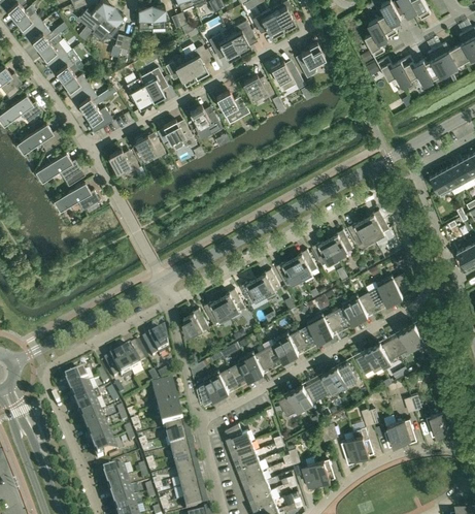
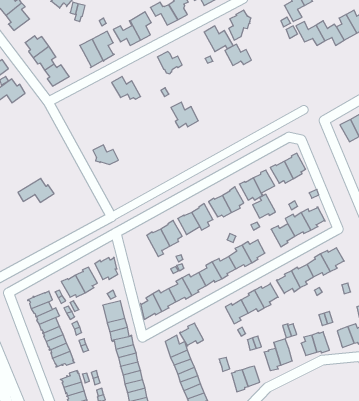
building: [48,54,75,82] -> none
building: [243,76,274,101] -> [225,44,251,65]
building: [190,106,222,136] -> [171,102,198,128]
building: [135,136,166,161] -> none
building: [109,151,139,173] -> [93,145,118,164]
building: [39,153,86,187] -> none
building: [58,183,100,211] -> [18,178,54,202]
building: [334,299,361,327] -> [253,194,275,218]
building: [183,309,209,336] -> none
building: [278,390,306,417] -> [180,323,203,346]

